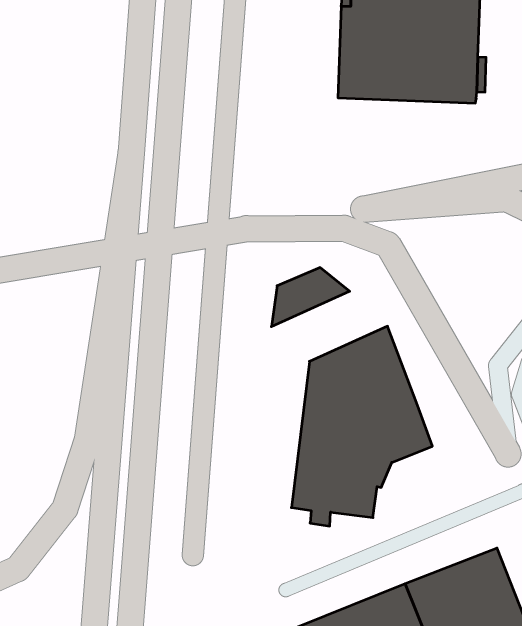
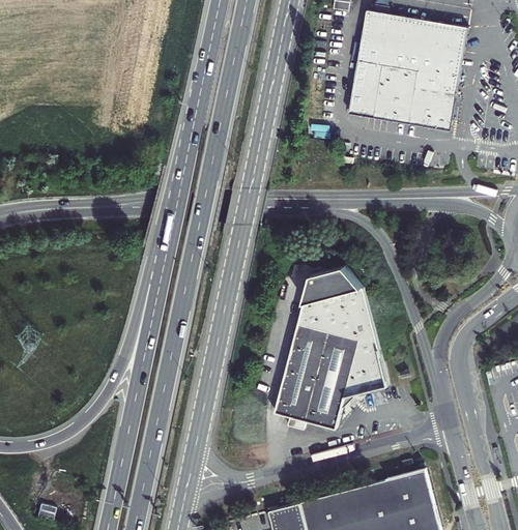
building: [271,268,350,327] -> [300,269,363,308]

